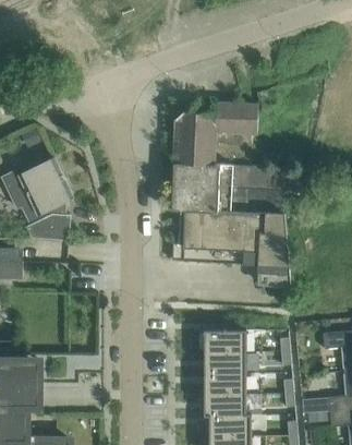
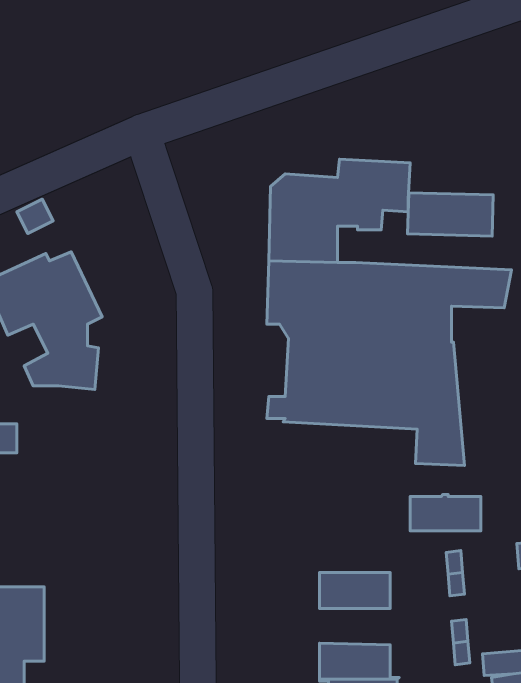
building: none -> [408,193,493,236]
building: [204,328,246,350] -> [410,495,481,531]
building: [204,372,246,394] -> none

